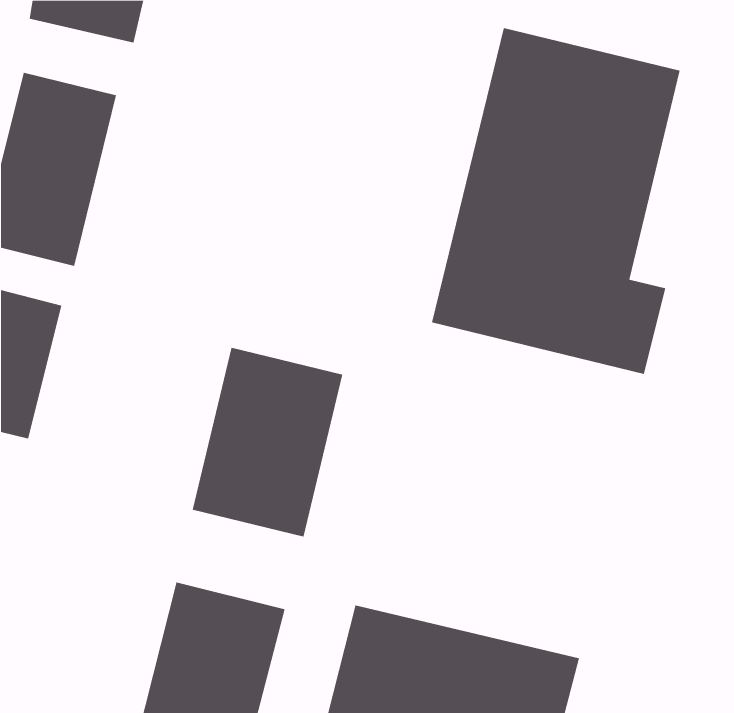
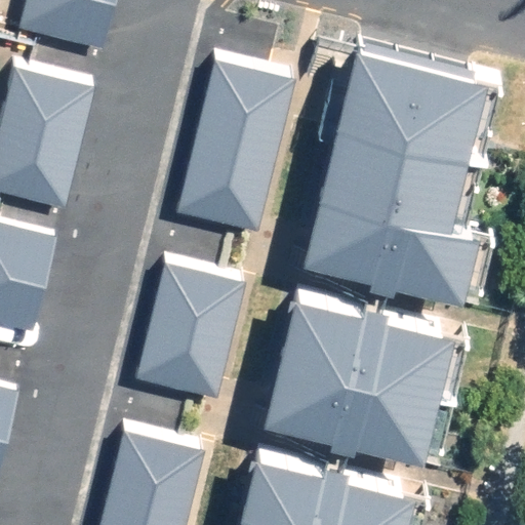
building: none -> [184,62,292,231]
building: none -> [265,284,452,444]

